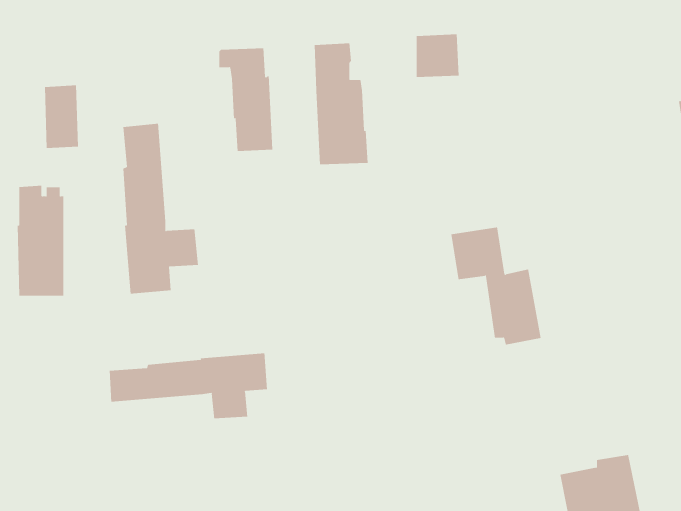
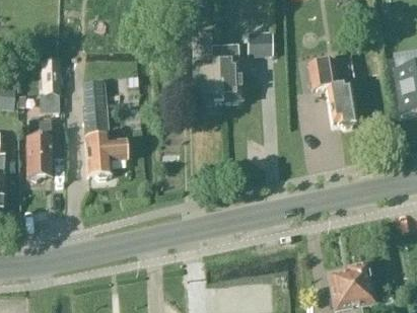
building: [219,48,273,152] -> [212,45,242,102]
building: [451,227,542,345] -> [308,59,359,125]
building: [109,353,267,419] -> none

